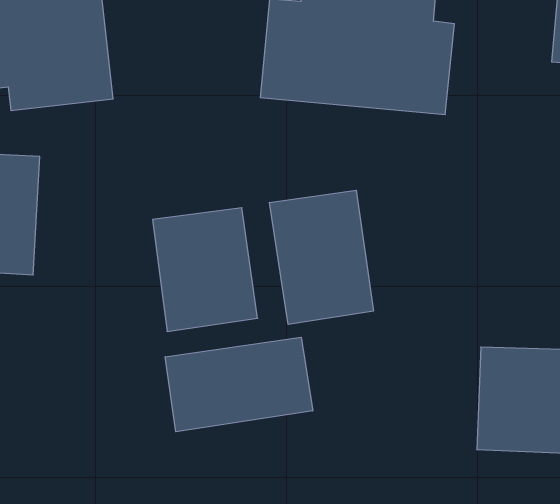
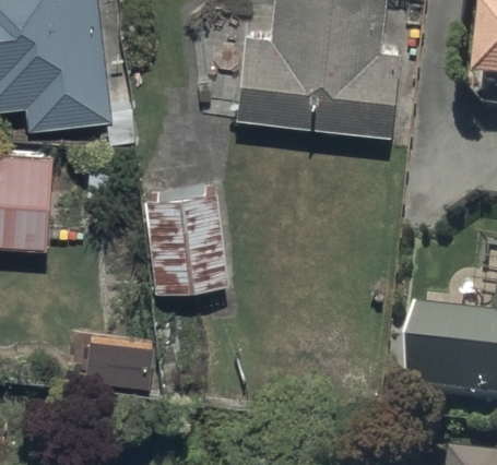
building: [269,190,373,324] -> none
building: [165,337,313,432] -> none

